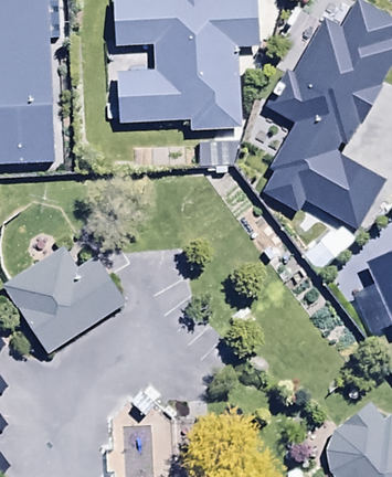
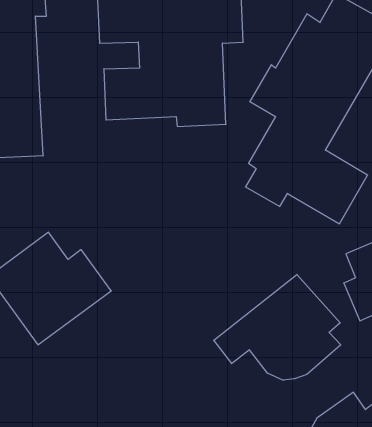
building: none -> [214,274,341,380]

